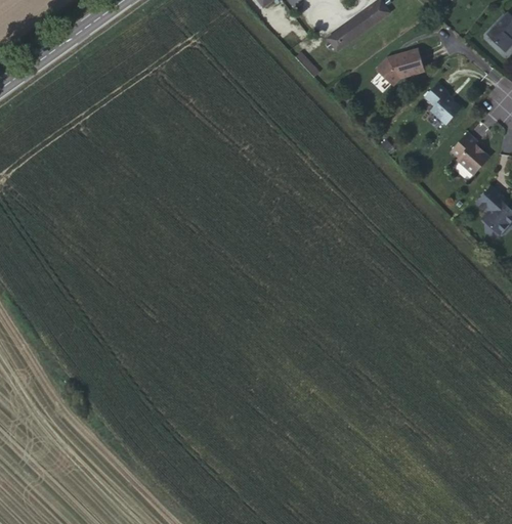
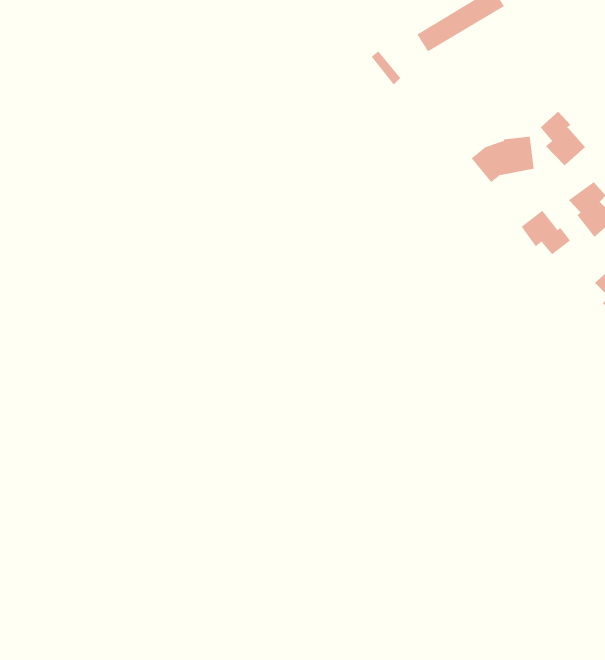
building: [375,49,422,86] -> [471,136,534,183]
building: none -> [521,210,571,255]

